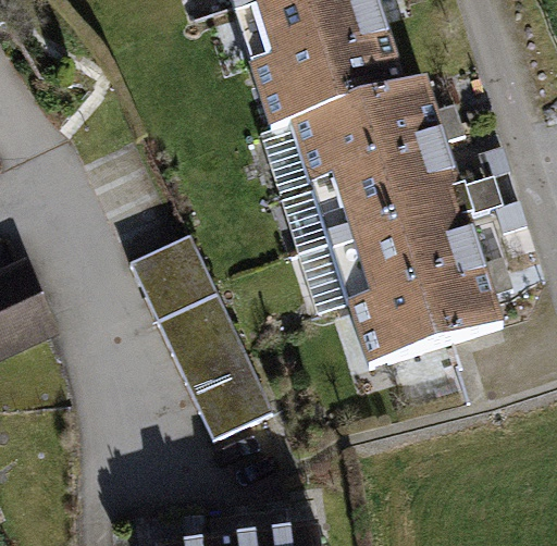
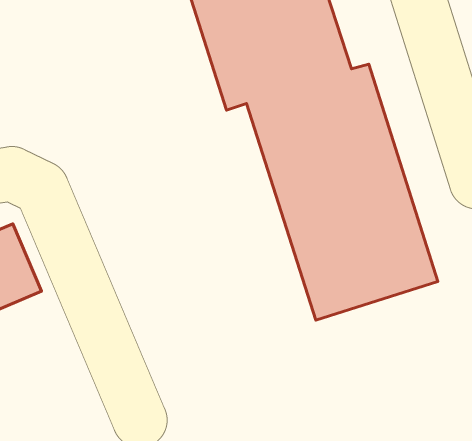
building: [125,232,272,440] -> none

